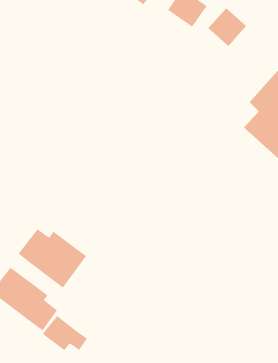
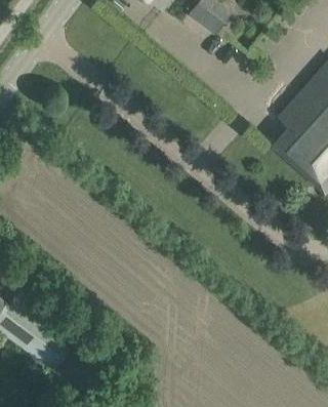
building: [208,7,247,47] -> none
building: [18,229,87,288] -> none

